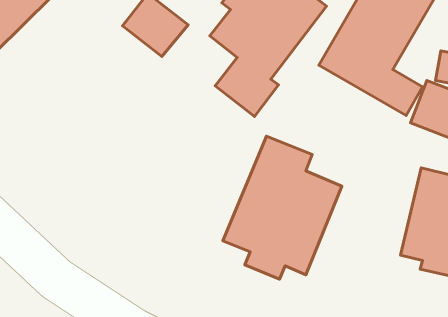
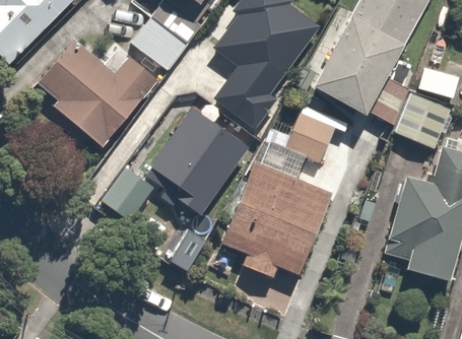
building: none -> [37,37,156,144]
building: none -> [149,106,249,217]
building: none -> [287,116,337,163]
building: none -> [100,165,155,223]

